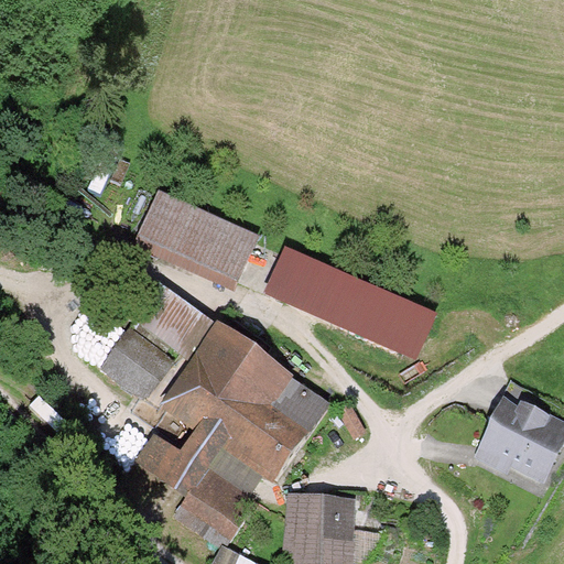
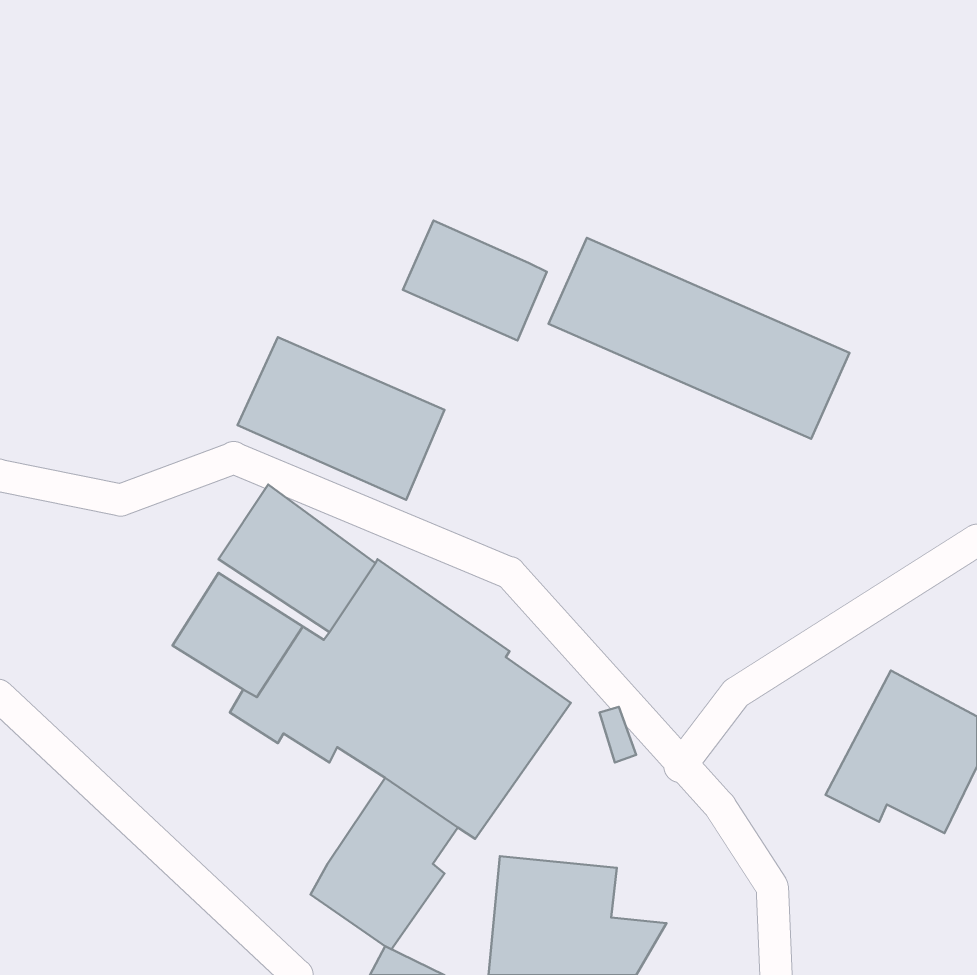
building: none -> [403,220,547,340]
building: [263,246,436,361] -> [549,238,849,439]
building: [133,430,221,497] -> none

